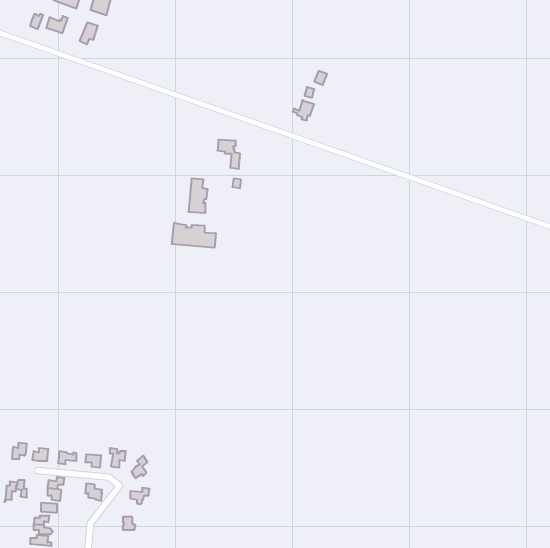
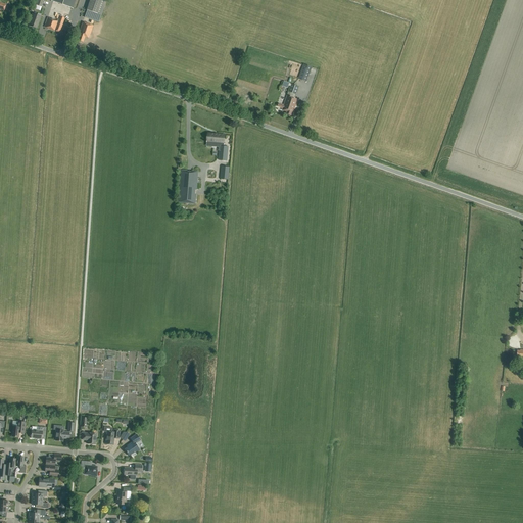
building: [172,223,216,248] -> none

